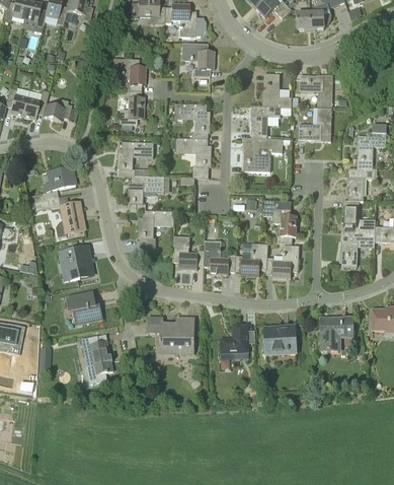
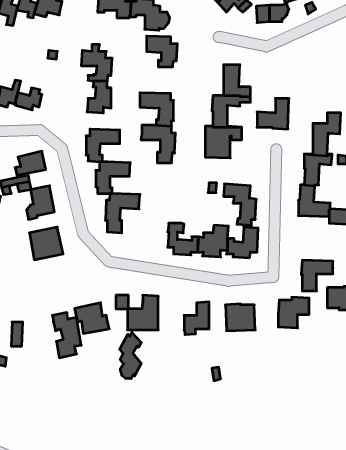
building: [299,74,332,109] -> none
building: [340,232,374,265] -> [301,260,333,291]
building: [172,235,205,269] -> none
building: [66,291,102,324] -> [75,303,109,333]
building: none -> [120,332,141,379]

